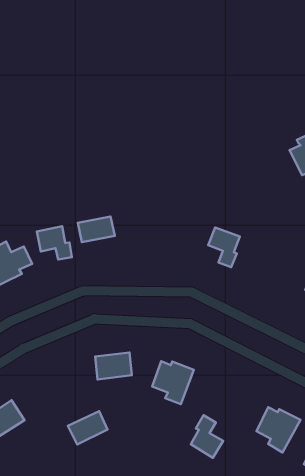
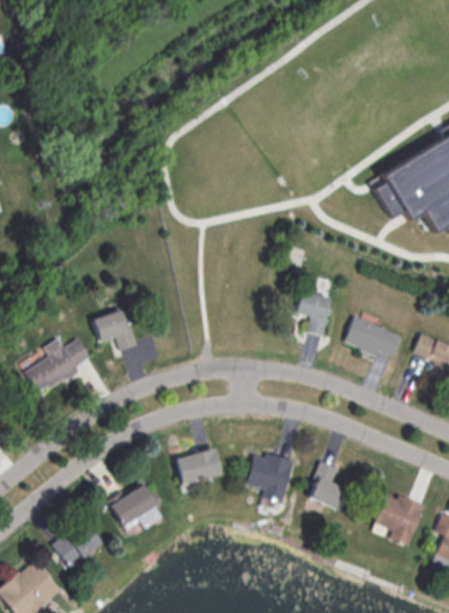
building: [78,216,115,242] -> none
building: none -> [345,317,401,357]
building: [68,411,107,444] -> [109,485,156,527]
building: [191,415,223,458] -> [310,462,347,511]

